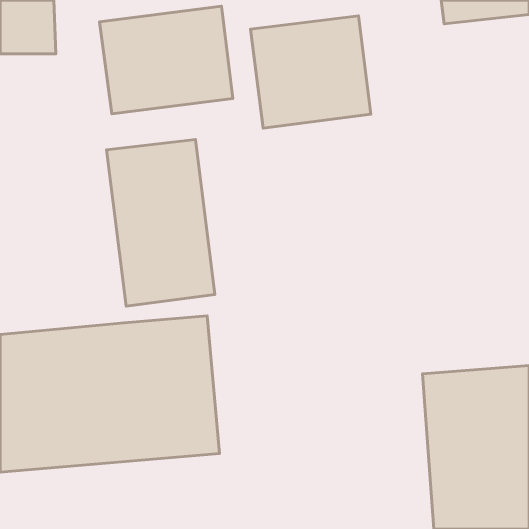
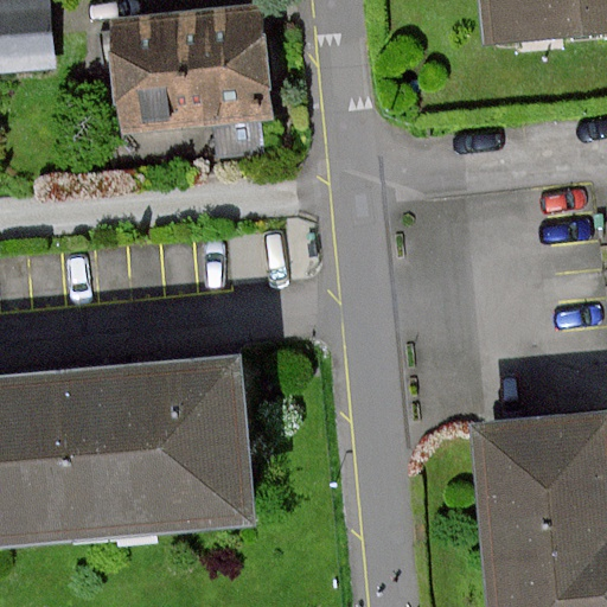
building: [251,16,371,128] -> none
building: [106,140,215,306] -> none

